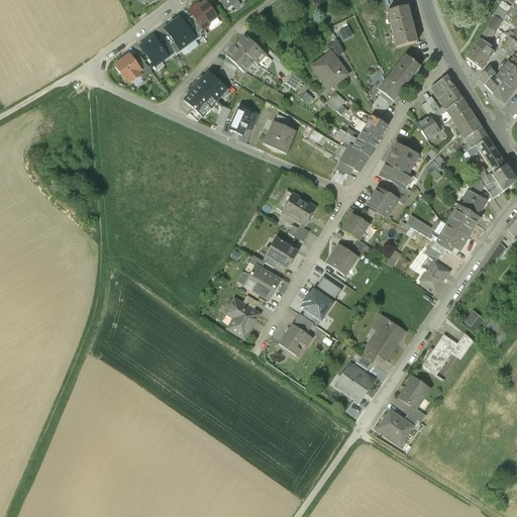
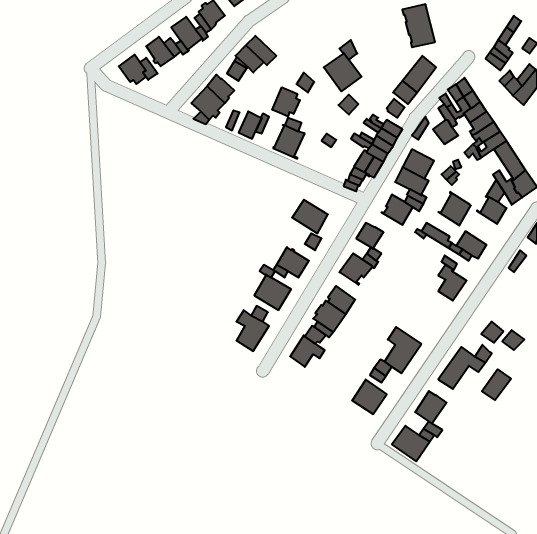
building: none -> [272,87,300,117]
building: [447,203,479,235] -> [438,192,471,226]
building: none -> [482,369,511,400]

